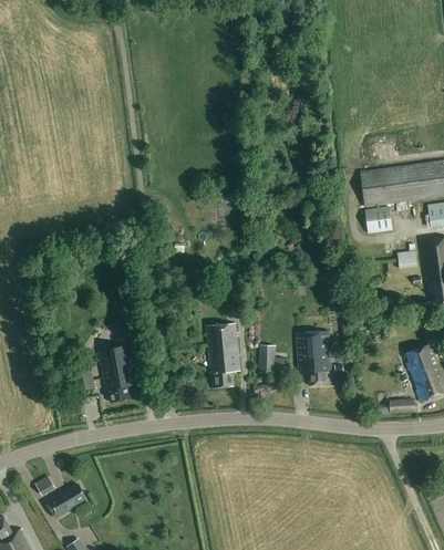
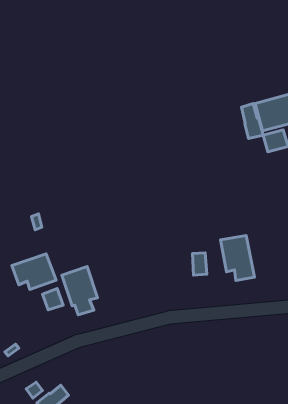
building: none -> [241,104,263,139]
building: none -> [12,254,56,289]
building: [205,323,239,388] -> none

